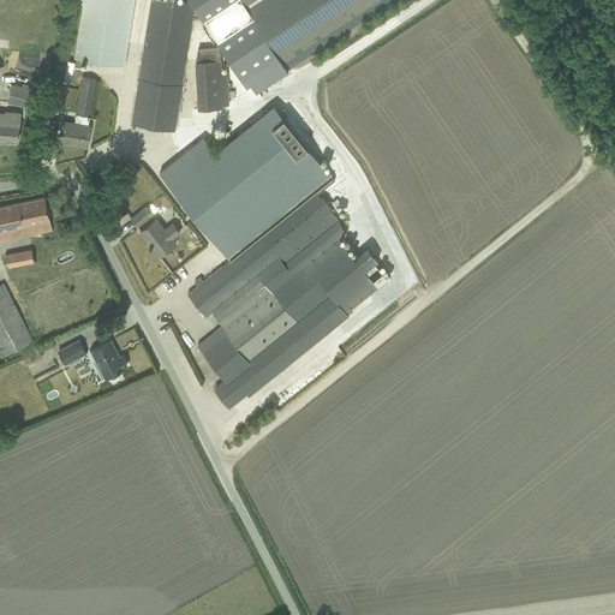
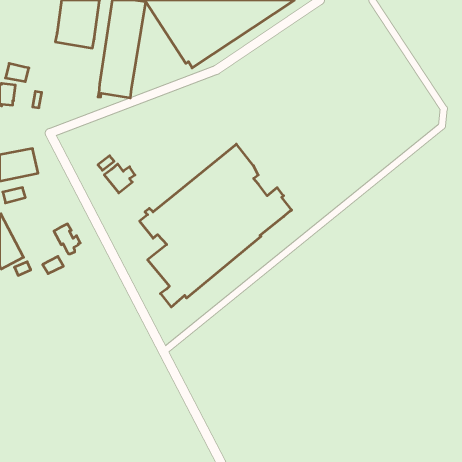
building: [195,48,227,111] -> none
building: [58,77,95,148] -> none
building: [157,108,332,262] -> none
building: [90,341,125,381] -> [54,224,80,254]

